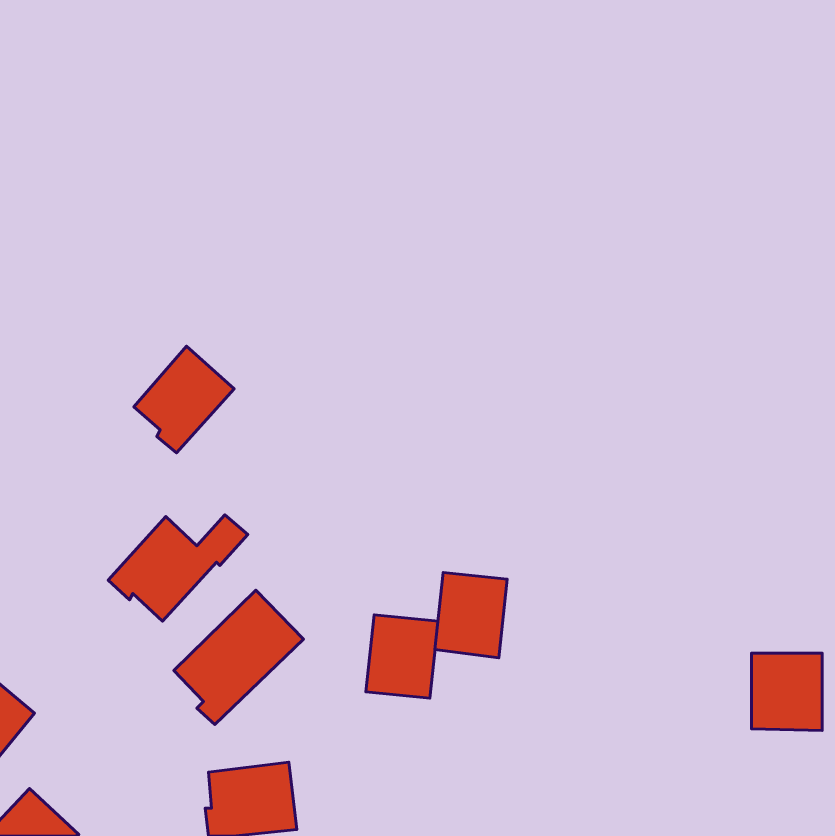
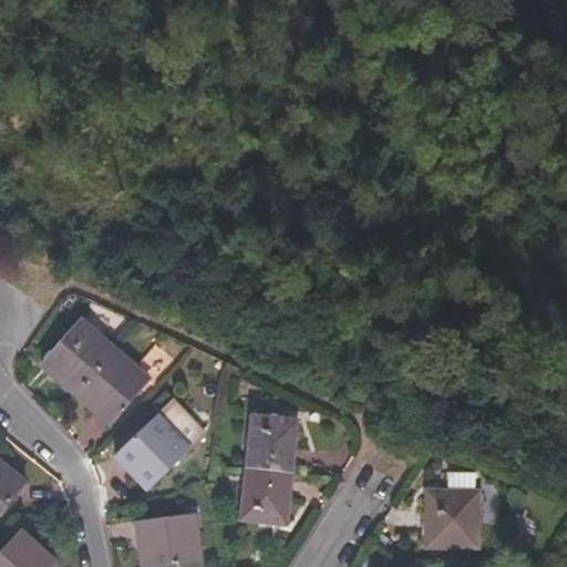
building: [134,346,234,453] -> [44,320,112,392]
building: [435,573,507,658] -> [241,467,290,525]
building: [751,653,822,730] -> [427,493,475,545]

